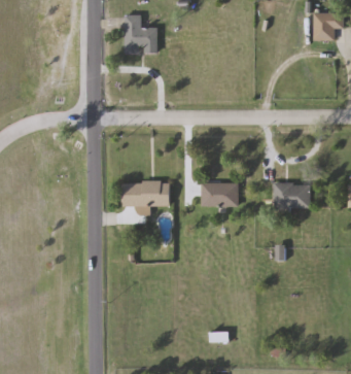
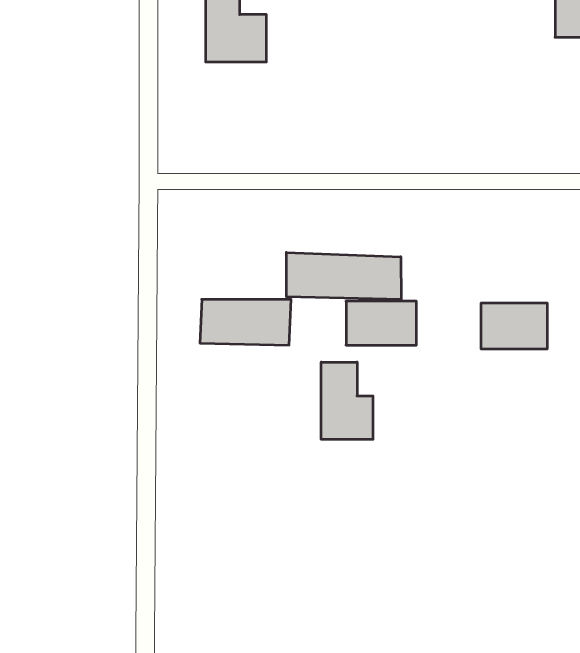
building: none -> [286,252,401,299]
building: none -> [321,362,373,439]

